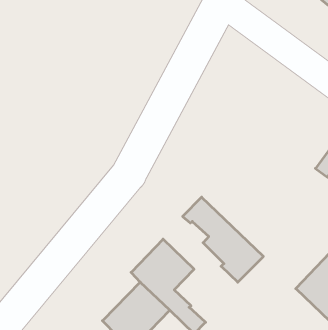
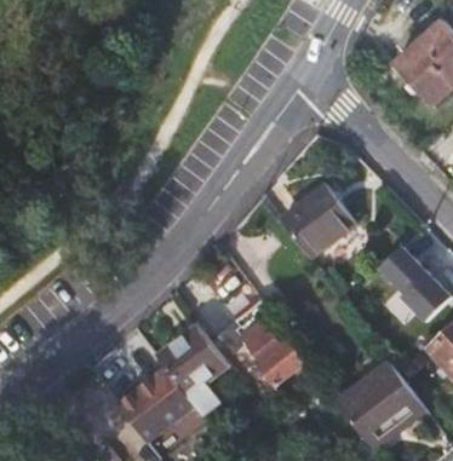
building: none -> [280,184,356,259]

